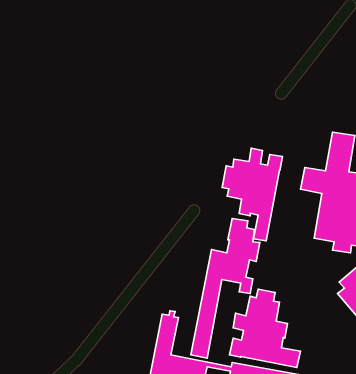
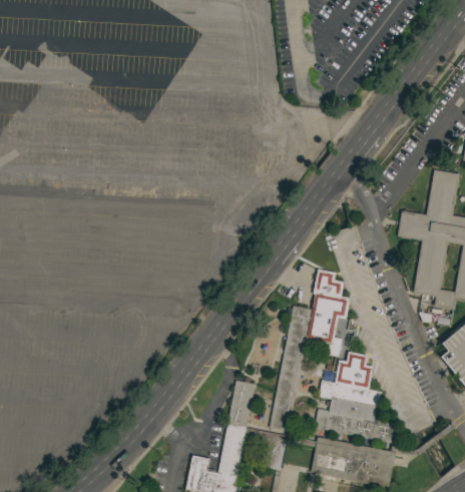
building: [222,148,282,241] -> none

